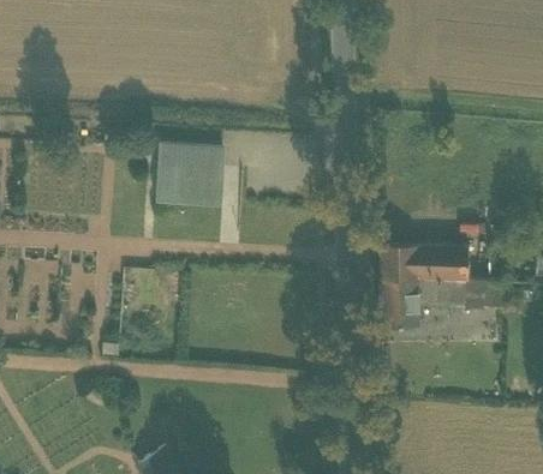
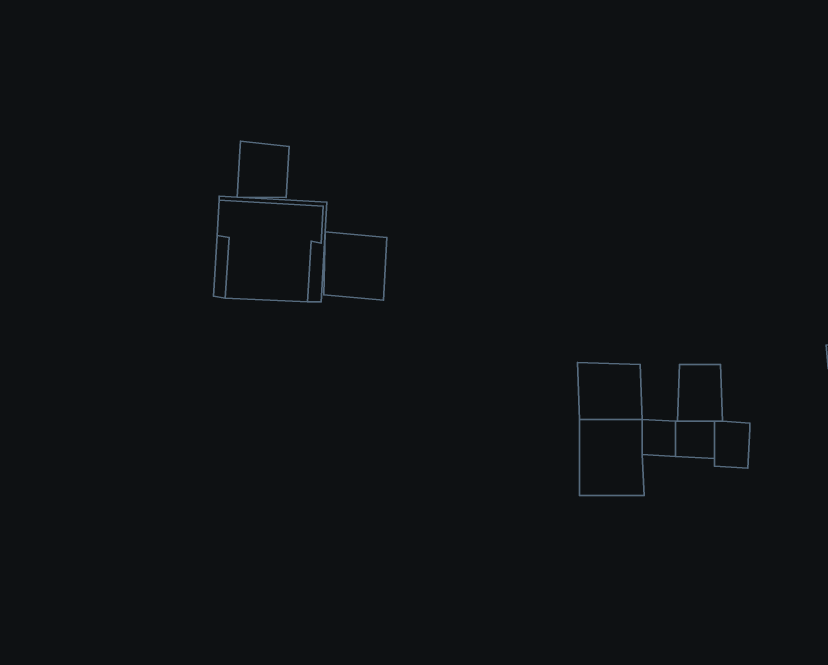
building: none -> [237,141,289,198]
building: none -> [324,232,387,300]
building: [418,244,442,280] -> none

